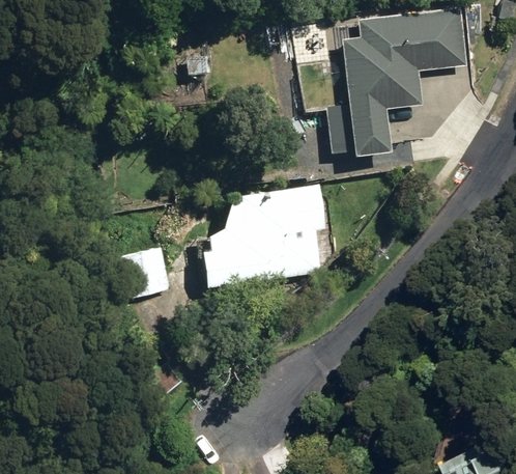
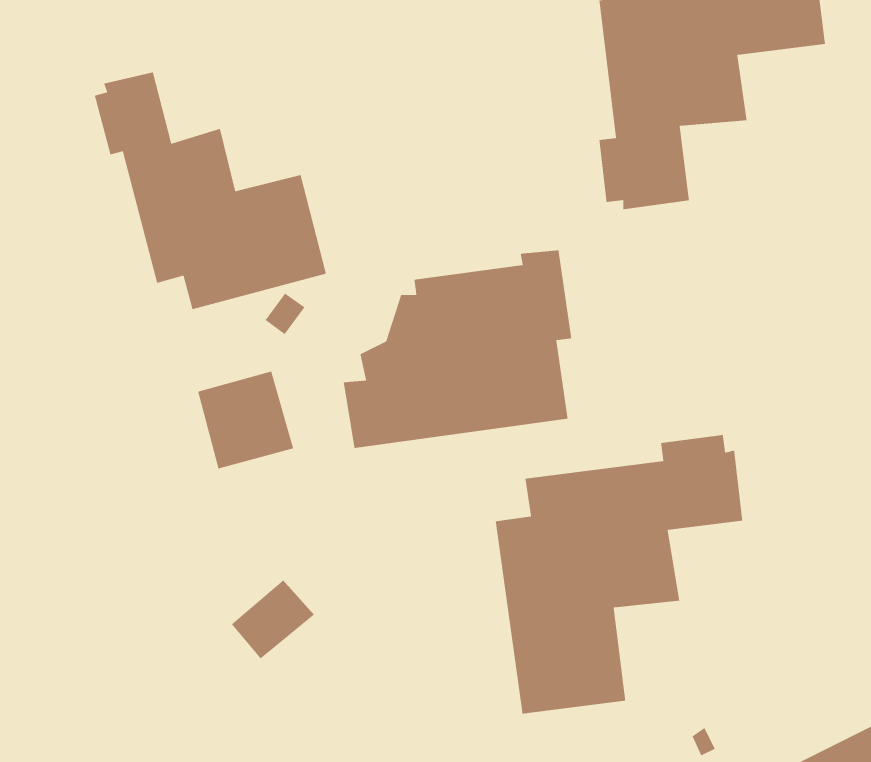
building: none -> [94,72,327,310]
building: none -> [495,434,743,714]

